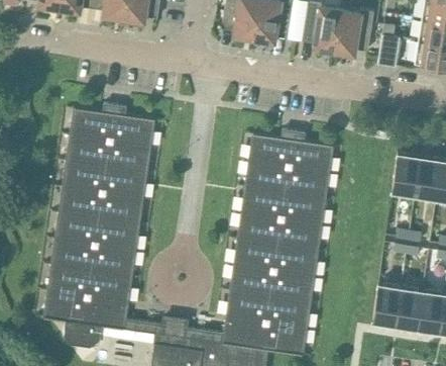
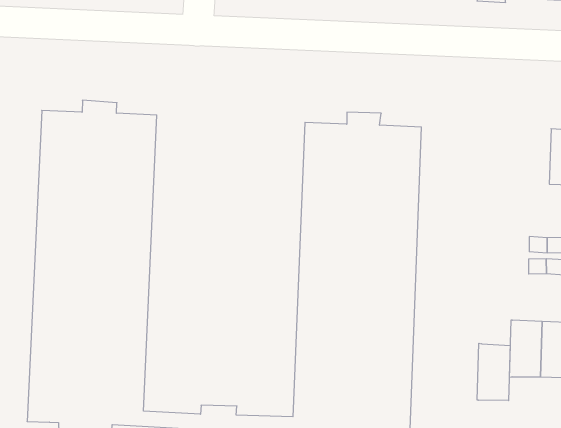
building: [394,154,420,194] -> none
building: none -> [477,343,510,401]

